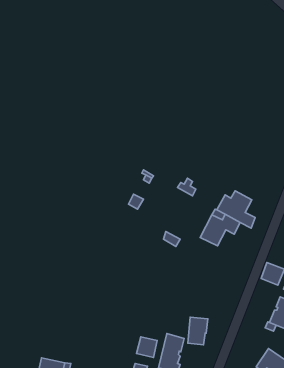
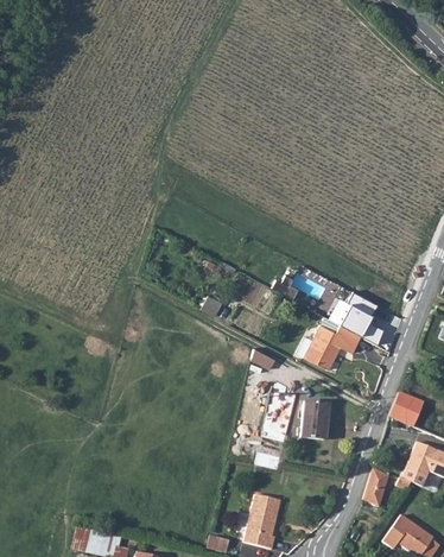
building: none -> [364,469,389,507]
building: [188,317,208,345] -> [302,401,330,441]
building: [136,337,157,358] -> none

